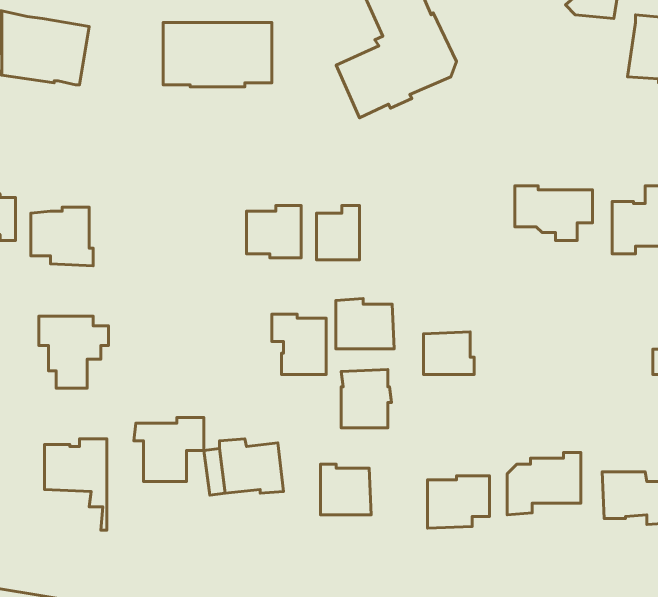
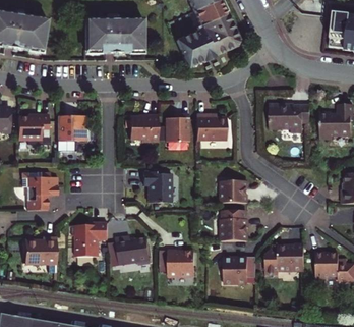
building: none -> [58,114,88,150]
building: [336,298,394,349] -> [197,113,228,140]
building: [341,369,392,428] -> [224,209,250,239]

